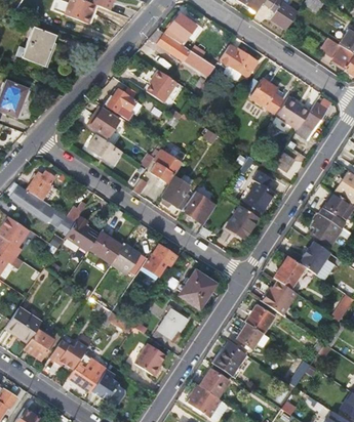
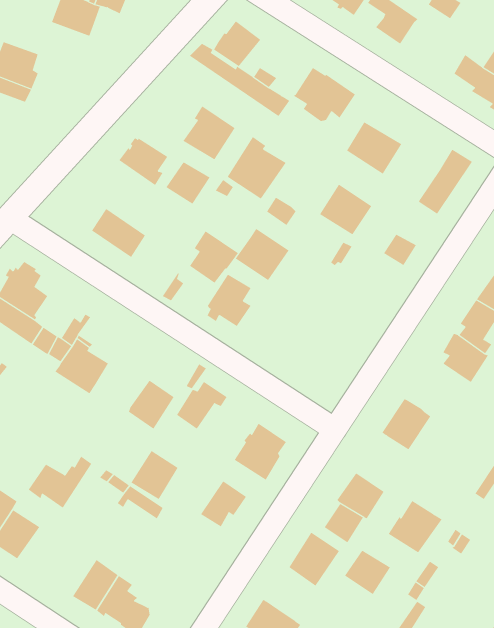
building: none -> [227,136,287,199]
building: [276,95,310,128] -> [319,184,372,235]
building: [89,109,118,136] -> [166,161,210,205]
building: [244,181,275,212] -> none
building: [181,191,215,224] -> [235,228,289,281]
building: [226,205,259,239] -> none
building: [90,229,124,261] -> none
building: [299,241,329,273] -> none
building: [261,280,296,313] -> [388,500,442,553]
building: [49,335,90,369] -> [28,456,92,509]
building: [134,343,165,375] -> [130,450,178,500]
building: [199,369,229,397] -> [344,550,391,595]

